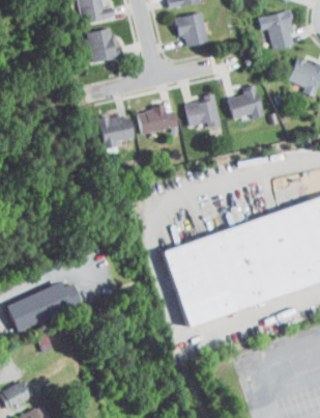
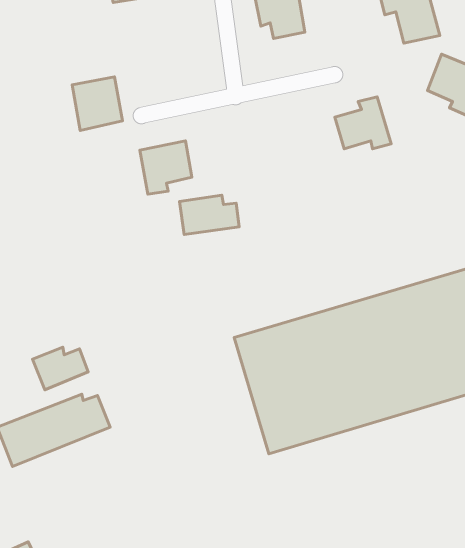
building: [87,28,120,63] -> [72,77,122,130]
building: [185,93,221,128] -> none
building: [138,107,177,133] -> [180,195,239,235]
building: none -> [32,347,88,390]

